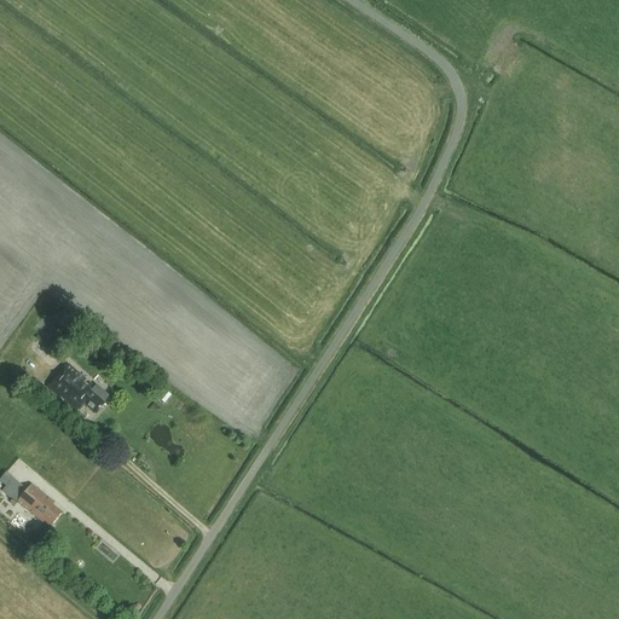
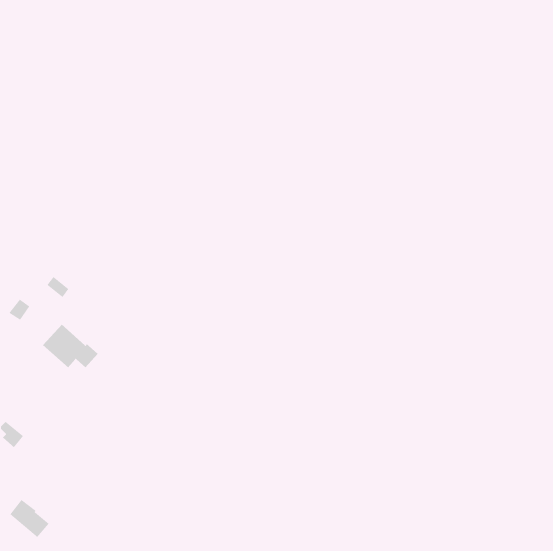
building: [18,482,63,526] -> [9,499,49,538]

